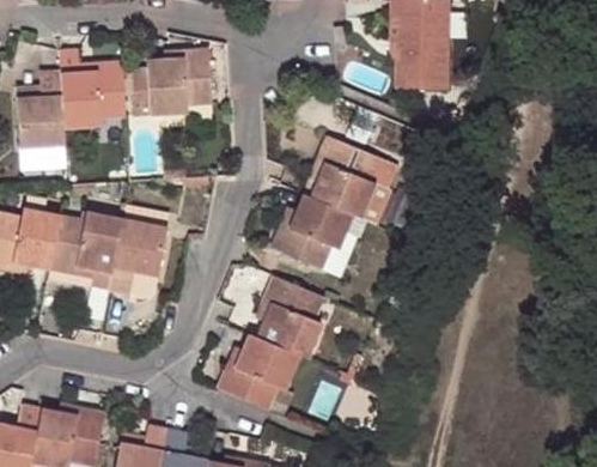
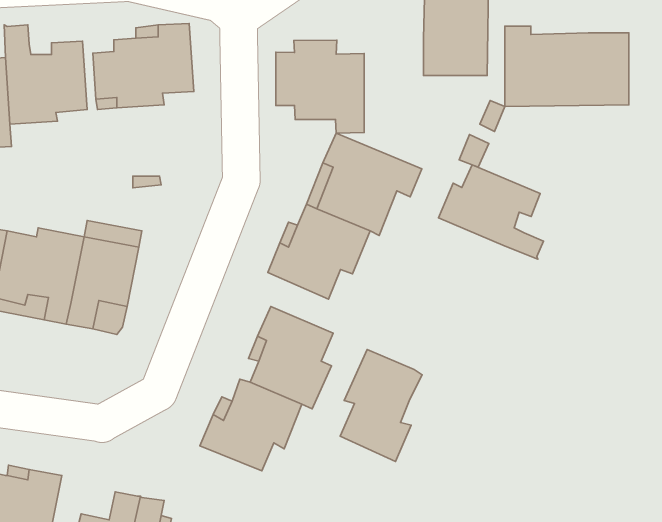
building: none -> [505,26,629,106]
building: none -> [276,40,364,133]
building: none -> [438,165,543,259]
building: none -> [340,349,422,462]

